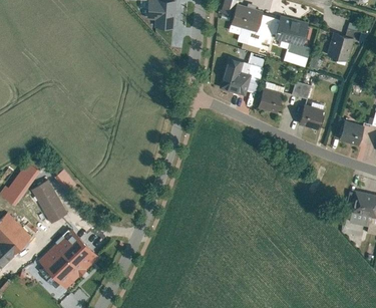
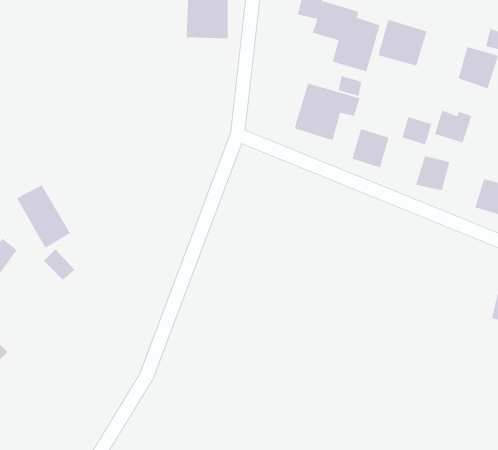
building: [286,44,311,66] -> [434,110,472,143]
building: [32,180,68,222] -> [16,185,71,248]
building: [43,232,97,286] -> none

